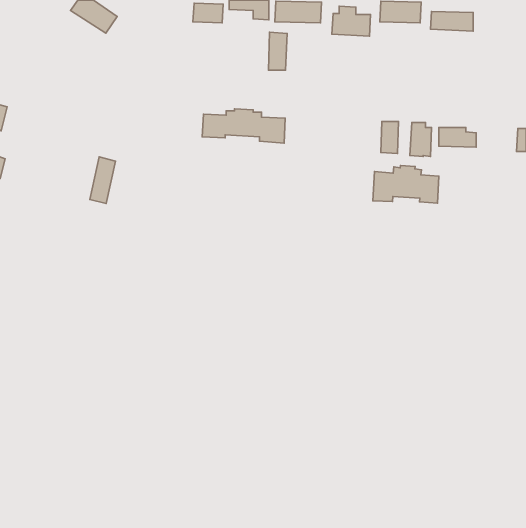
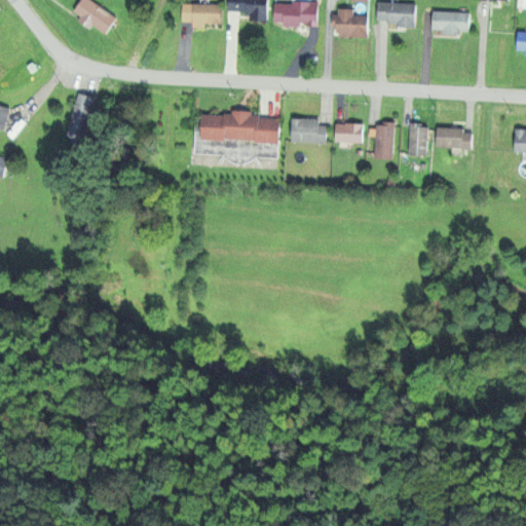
building: [269,32,287,70] -> none
building: none -> [290,119,323,143]
building: none -> [334,123,363,144]
building: [90,157,116,204] -> [67,95,92,141]
building: [373,166,439,203] -> none

